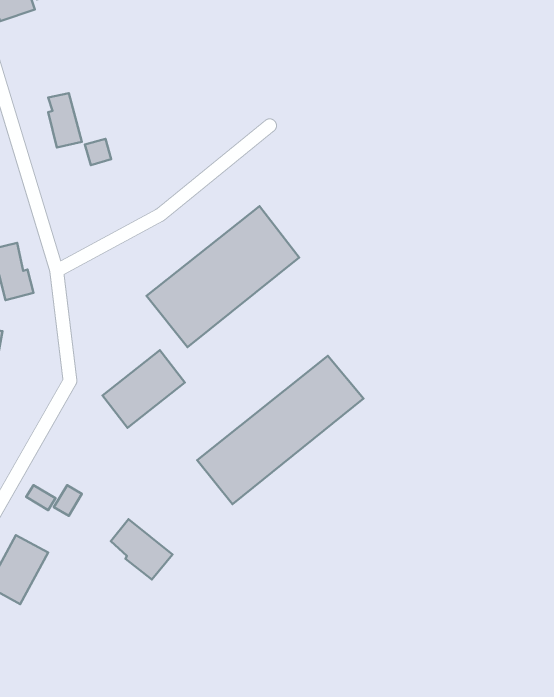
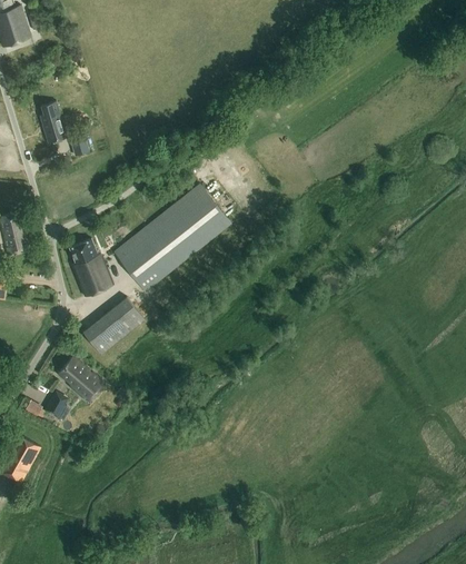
building: none -> [69,237,113,296]
building: [197,356,364,504] -> none
building: [111,519,172,579] -> [56,357,102,403]

